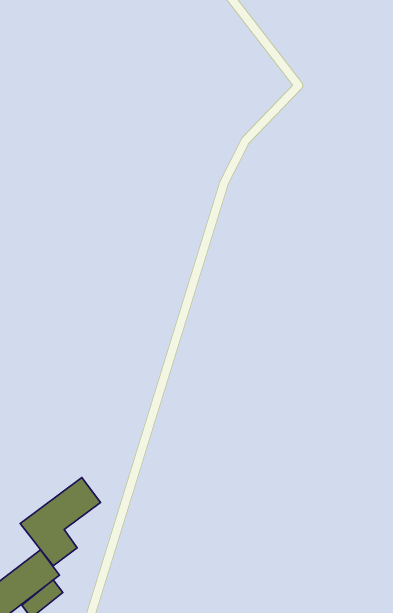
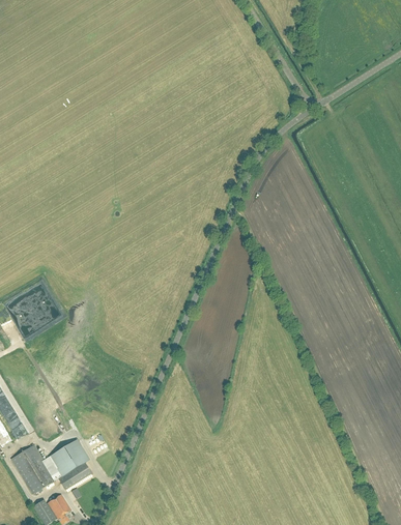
building: [20,478,100,566] -> none

